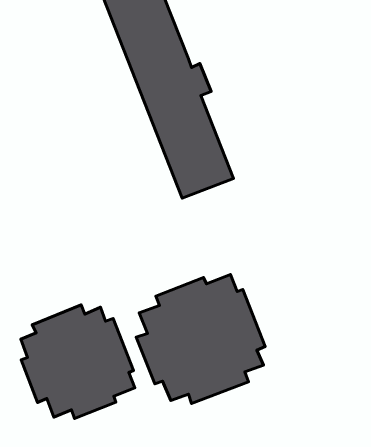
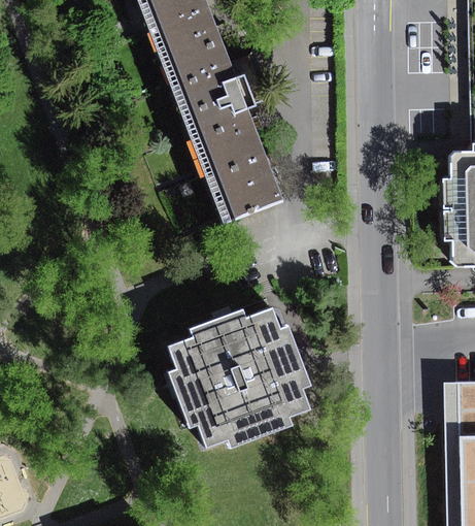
building: [21,305,135,418] -> none

